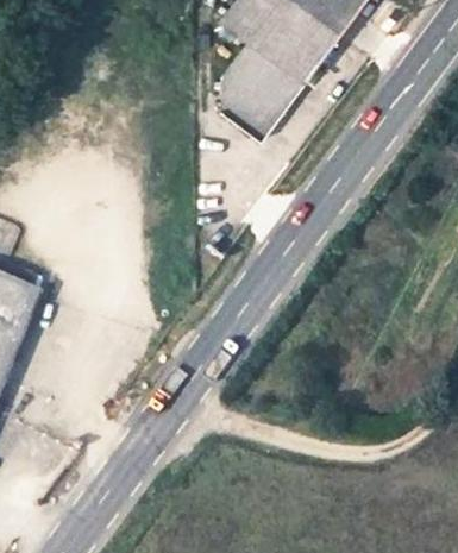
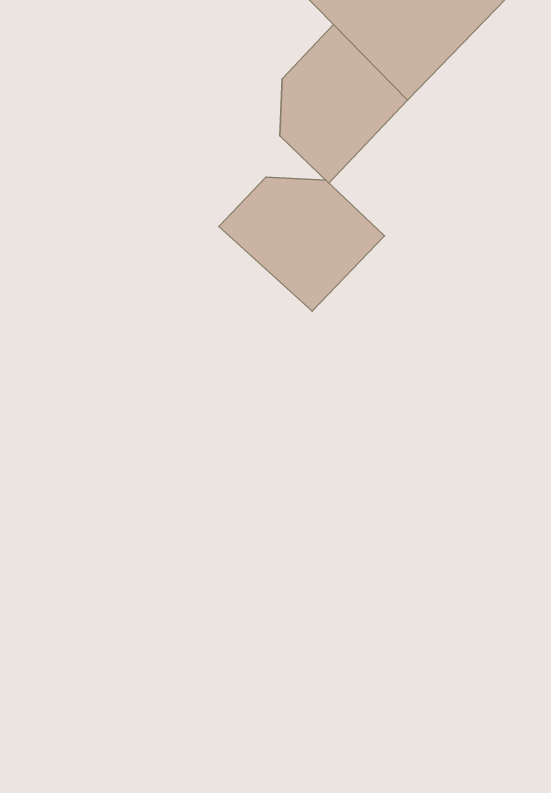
building: none -> [219,177,385,311]

